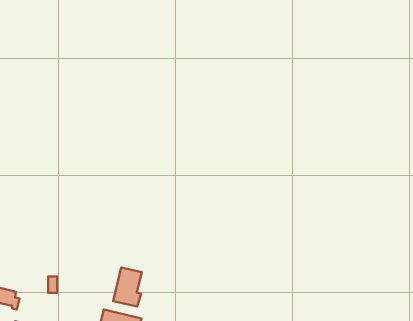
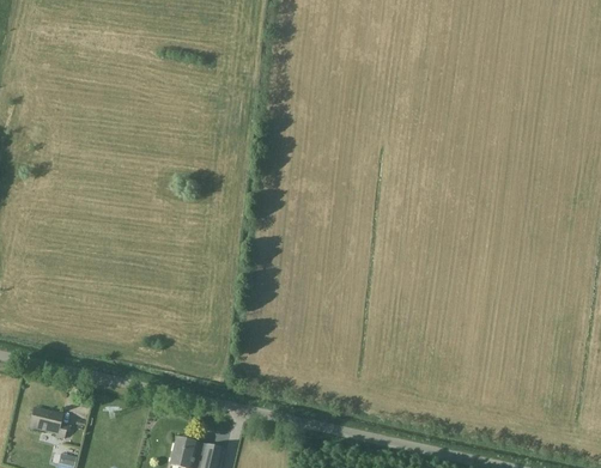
building: [113,268,142,307] -> none

